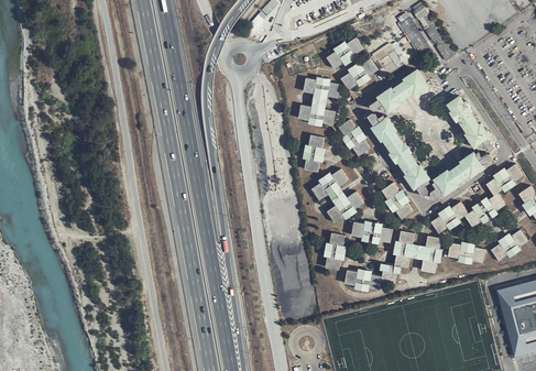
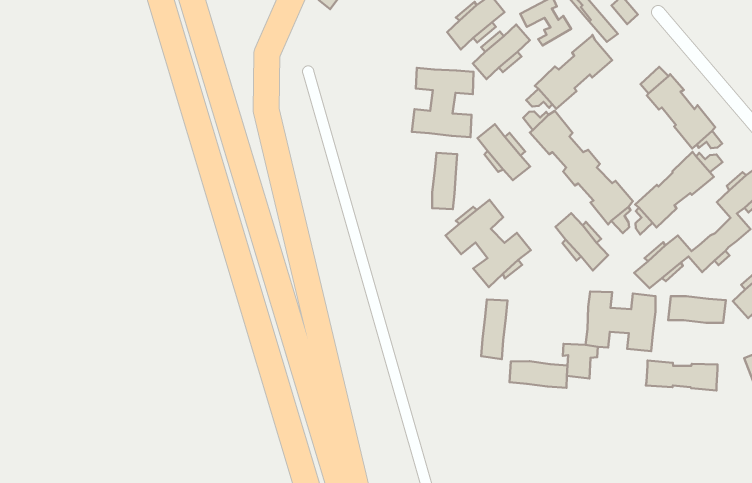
building: [350,221,393,245] -> none
building: none -> [646,361,718,391]

